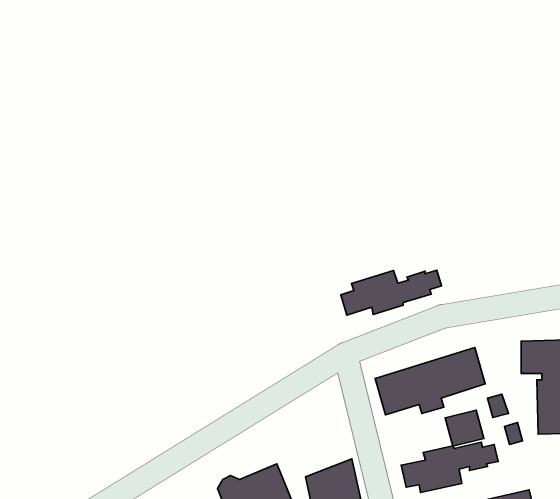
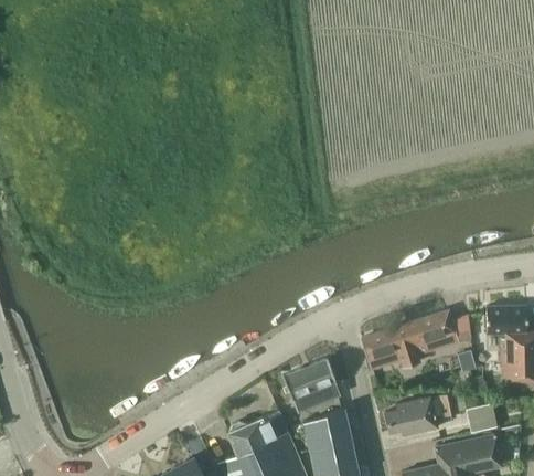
building: [341,270,442,315] -> none
building: none -> [285,360,339,411]
building: [445,410,484,446] -> [470,402,503,433]

